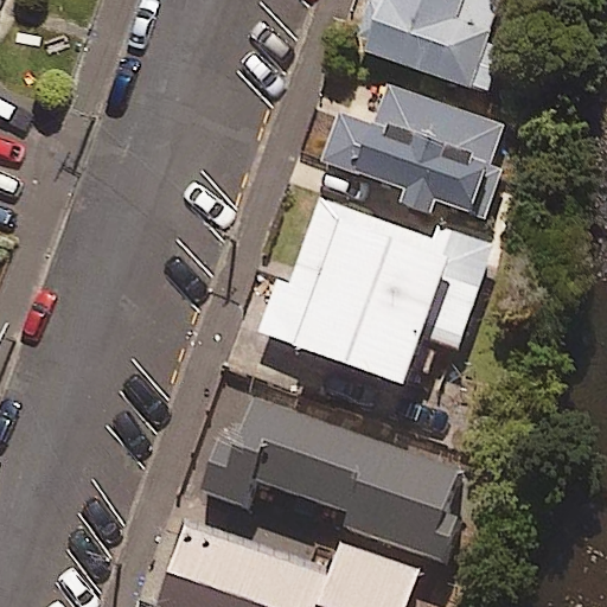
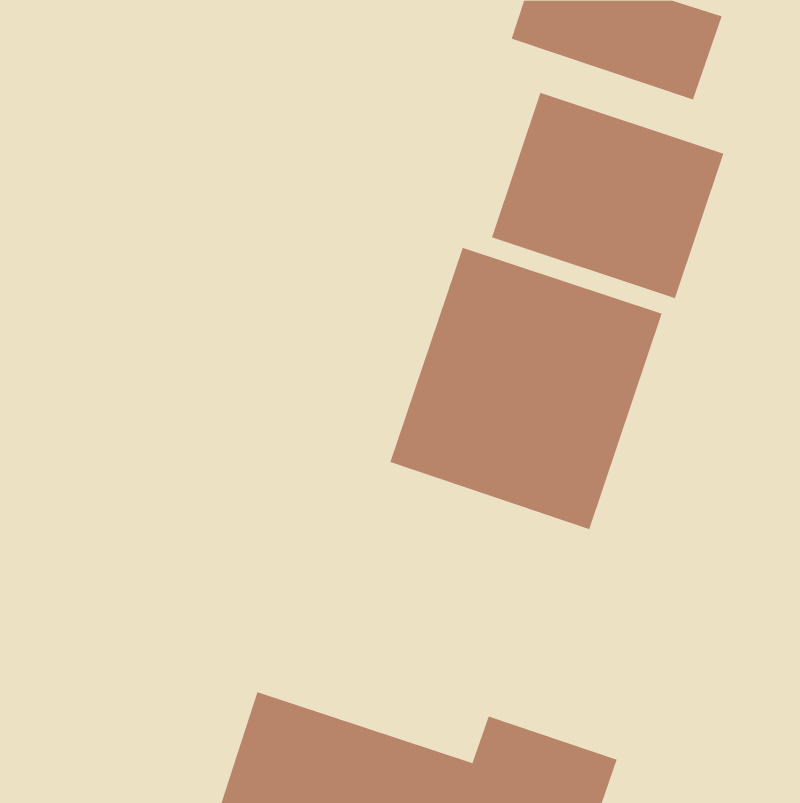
building: [213,389,473,560] -> none

